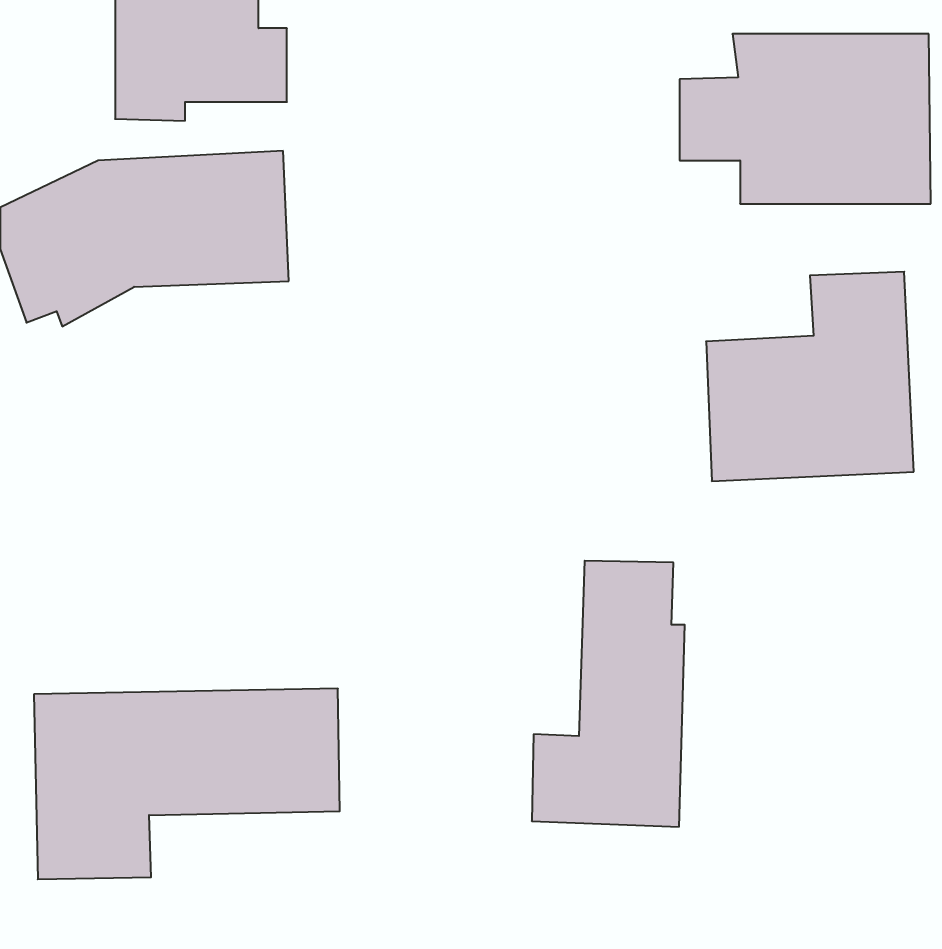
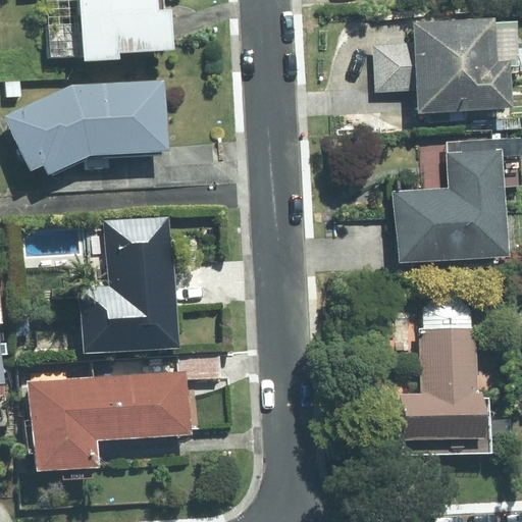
building: none -> [76,214,176,353]
building: [532,561,685,827] -> [398,293,480,436]

